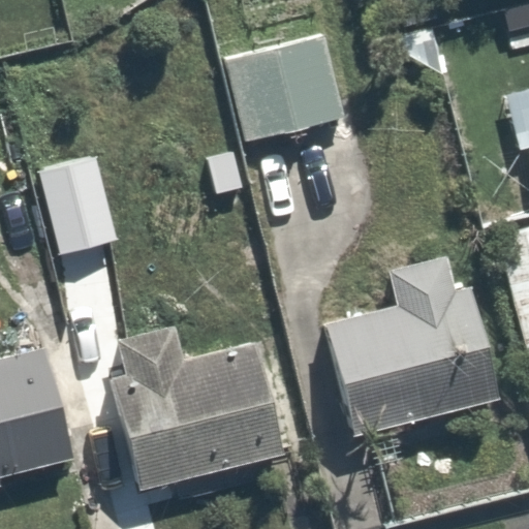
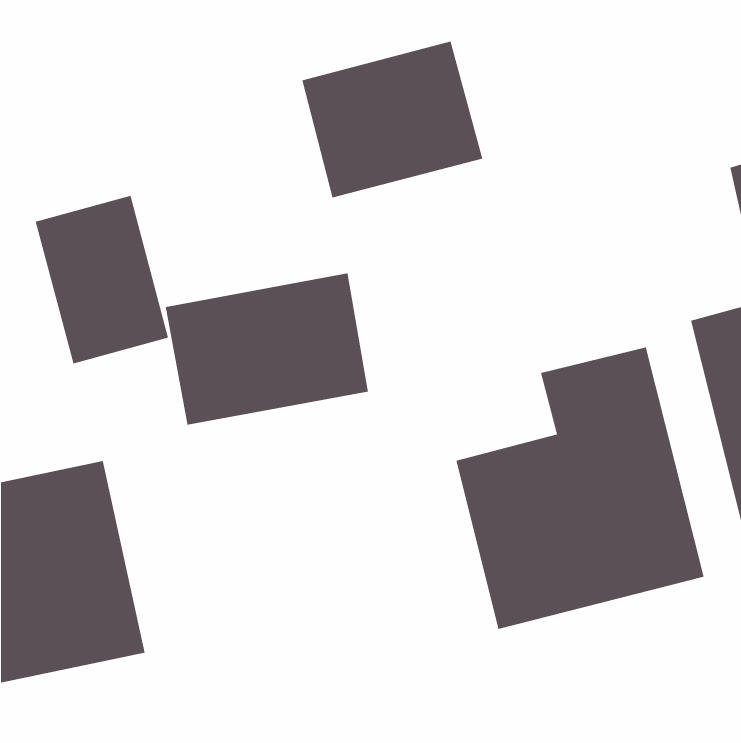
building: none -> [165,272,368,426]
building: [108,342,288,494] -> none

